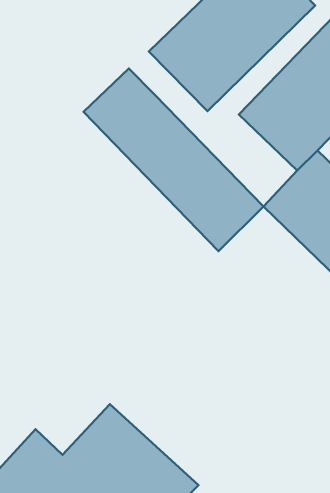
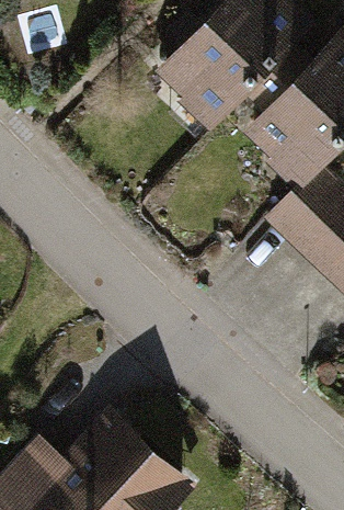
building: [83,68,263,251] -> none

